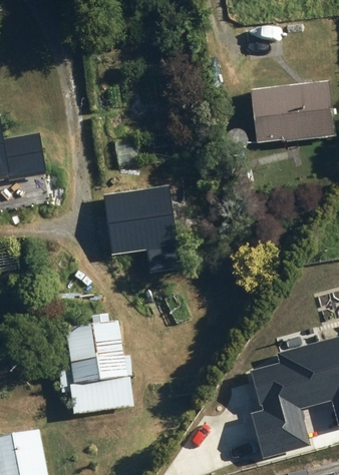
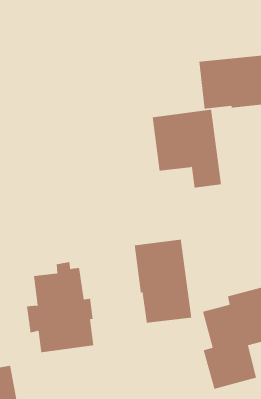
building: [100,184,179,273] -> [152,109,222,188]
building: none -> [134,239,192,324]

